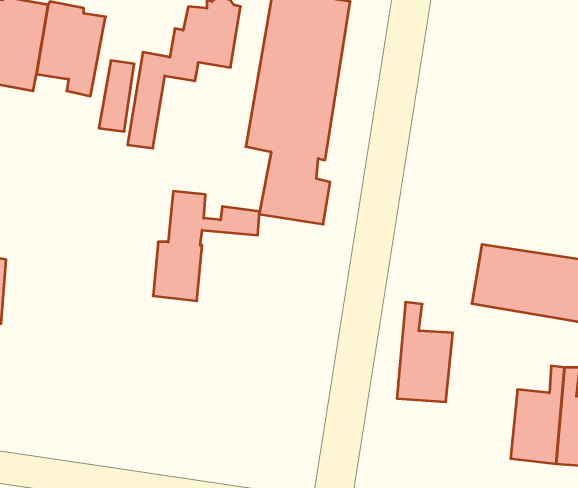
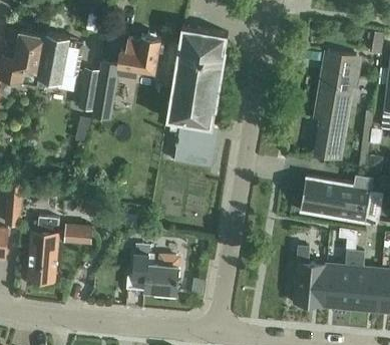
building: none -> [316,52,355,159]
building: [153,191,259,301] -> [27,218,90,283]
building: [397,302,453,402] -> [293,247,326,306]
building: none -> [133,247,178,295]

